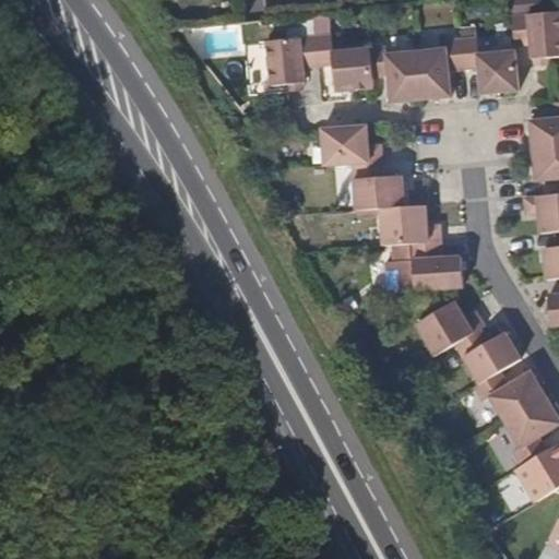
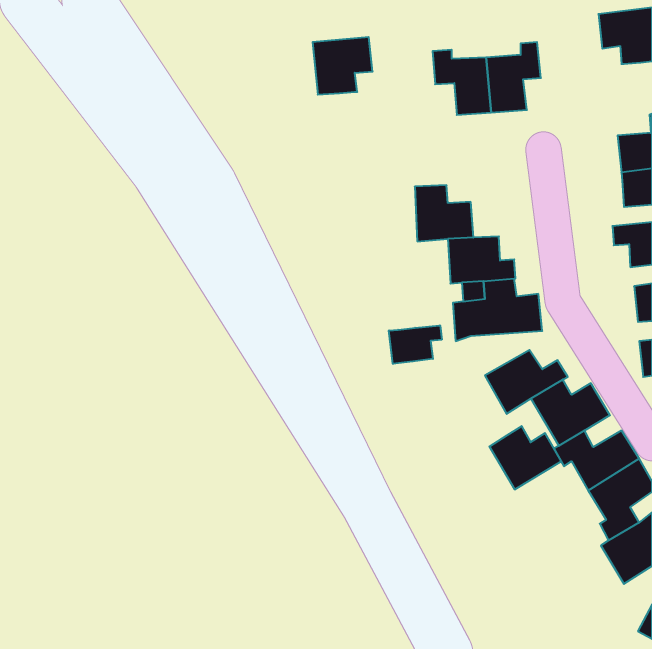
building: [316,34,373,91] -> none
building: [460,38,519,94] -> none
building: [321,124,382,165] -> none
building: none -> [389,325,442,364]
building: none -> [489,426,561,490]

